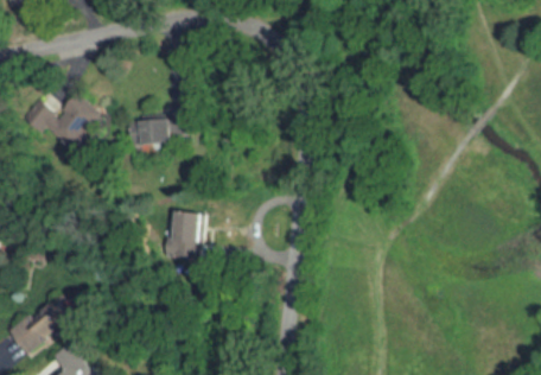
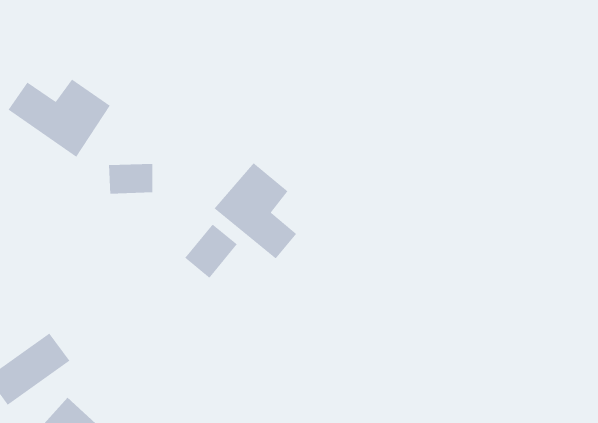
building: [134,120,170,145] -> [108,163,153,194]
building: none -> [213,162,297,260]

